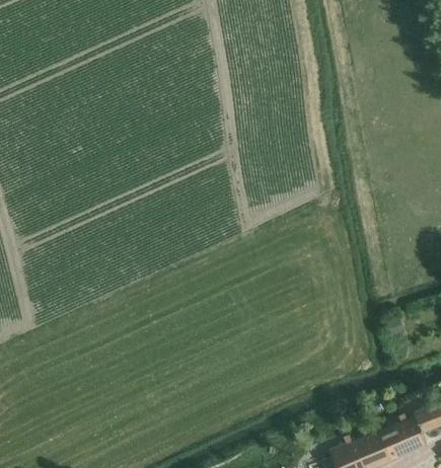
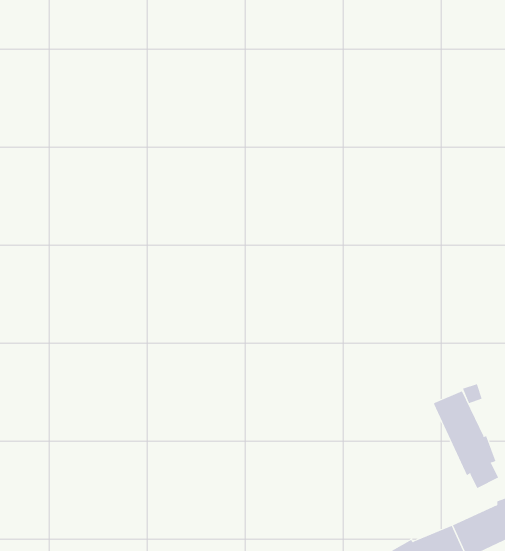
building: none -> [433,390,499,489]

